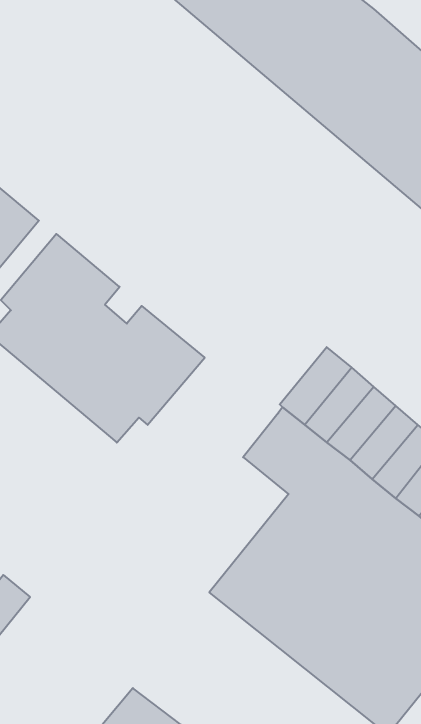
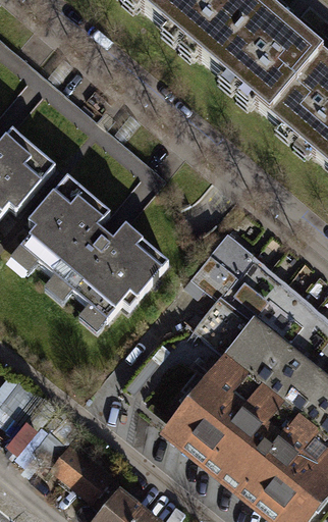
building: none -> [190,233,253,299]
building: none -> [53,447,107,498]

